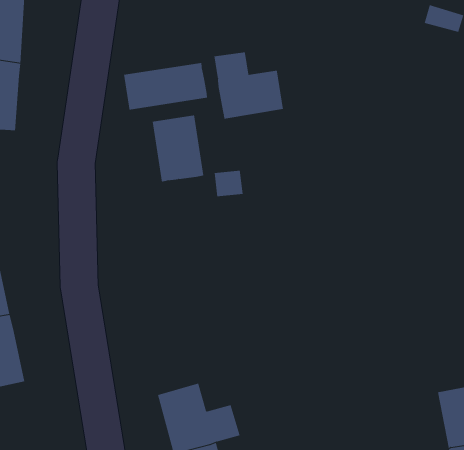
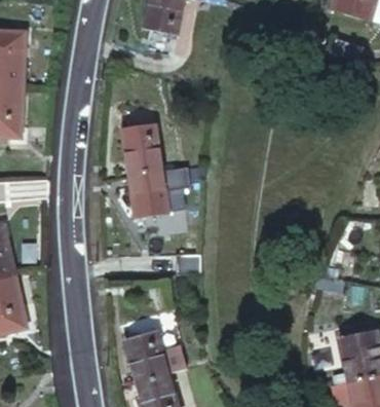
building: [214,51,283,120] -> none
building: [123,62,207,110] -> none
building: none -> [128,170,168,219]

